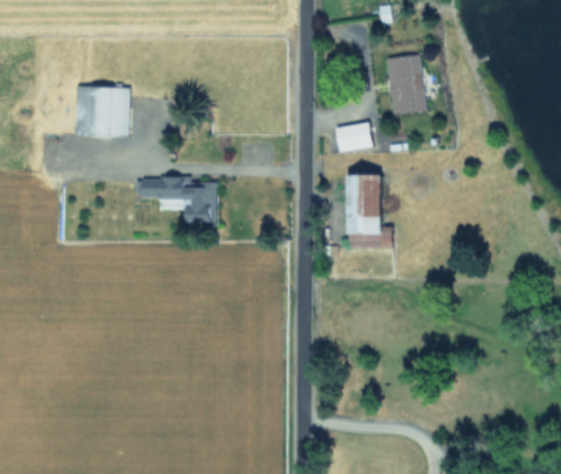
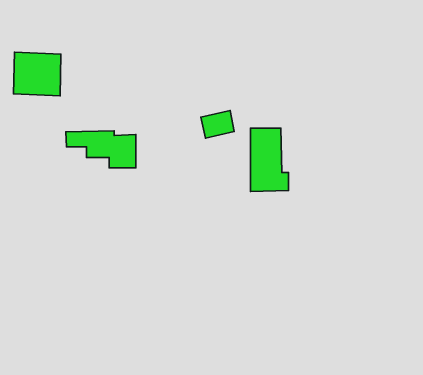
building: [385,54,426,114] -> none
building: [334,121,373,153] -> [201,111,234,138]

